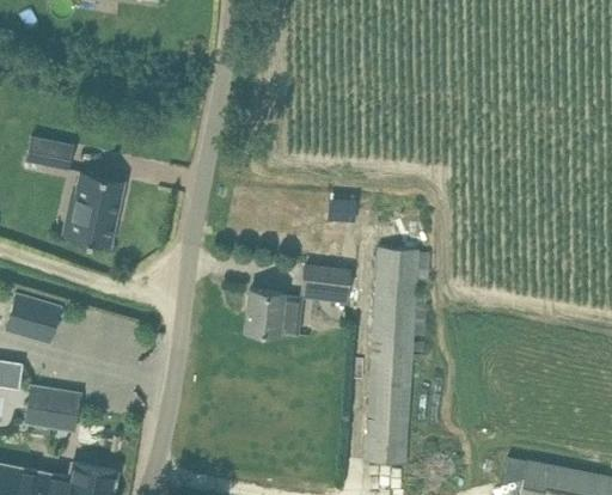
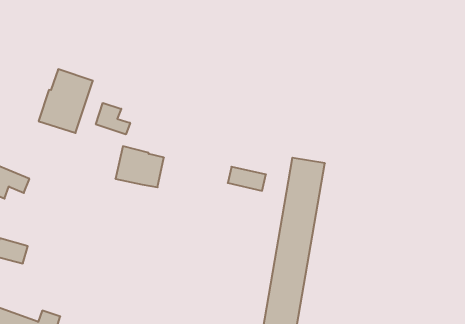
building: [27,139,73,171] -> none
building: none -> [96,103,130,134]
building: [245,292,301,337] -> [115,146,164,187]

